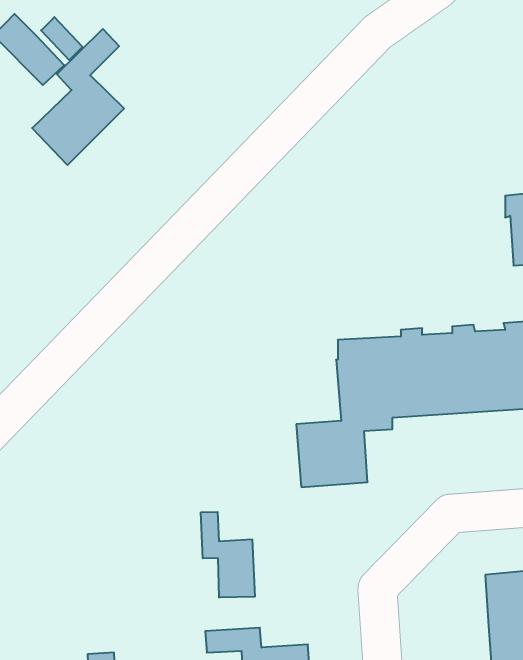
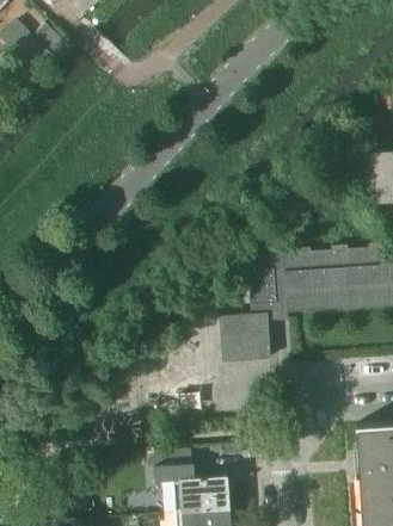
building: [32,29,124,165] -> none
building: [201,512,255,598] -> none

